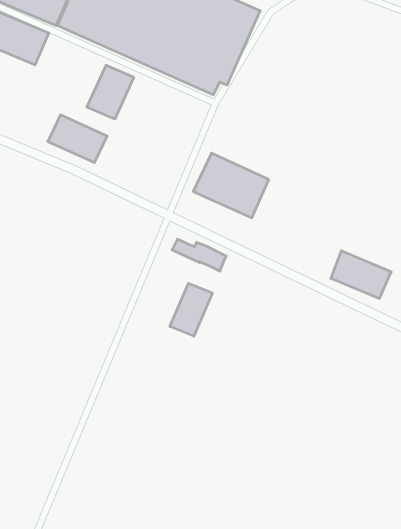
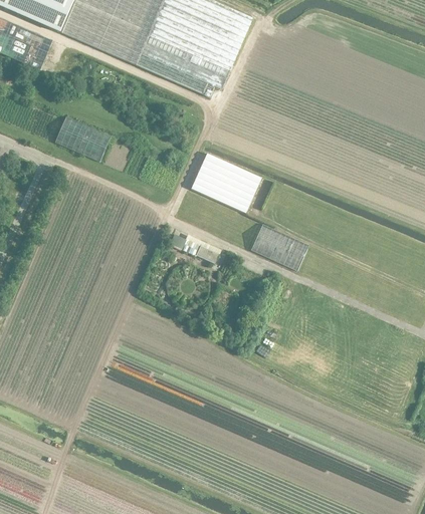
building: [87,65,134,119] -> none
building: [331,251,391,298] -> [250,222,307,267]
building: [170,283,212,336] -> none

